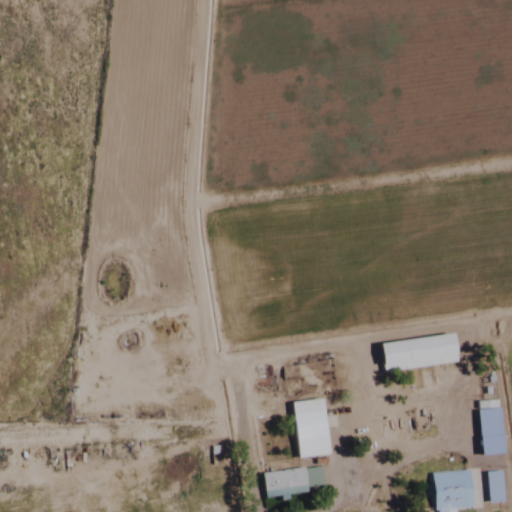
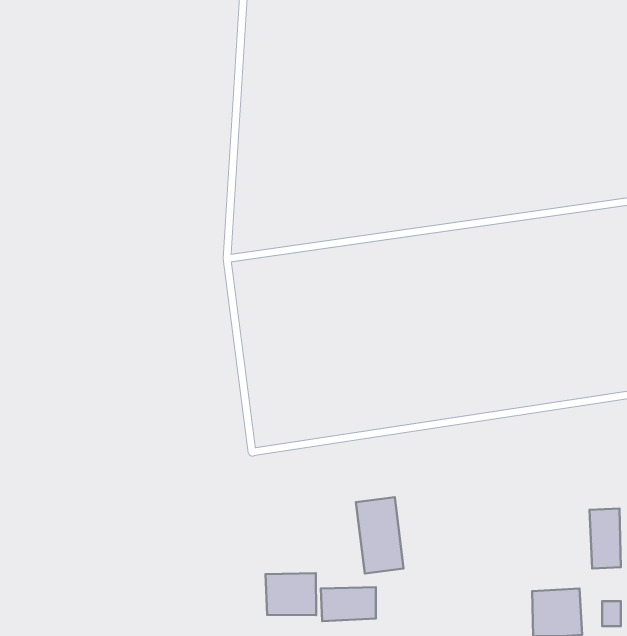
building: [381,332,459,373] -> none
building: none -> [266,573,316,615]

